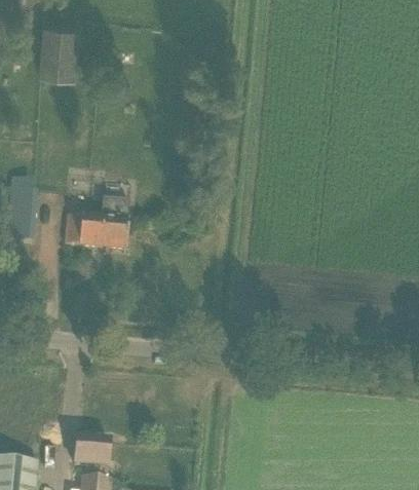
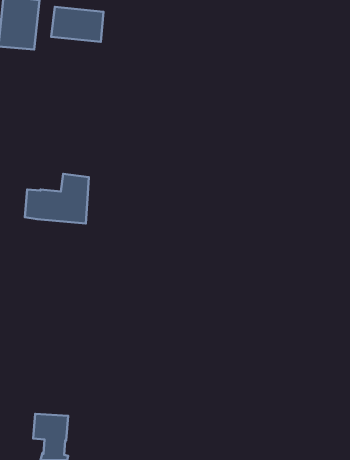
building: none -> [51,7,104,42]

